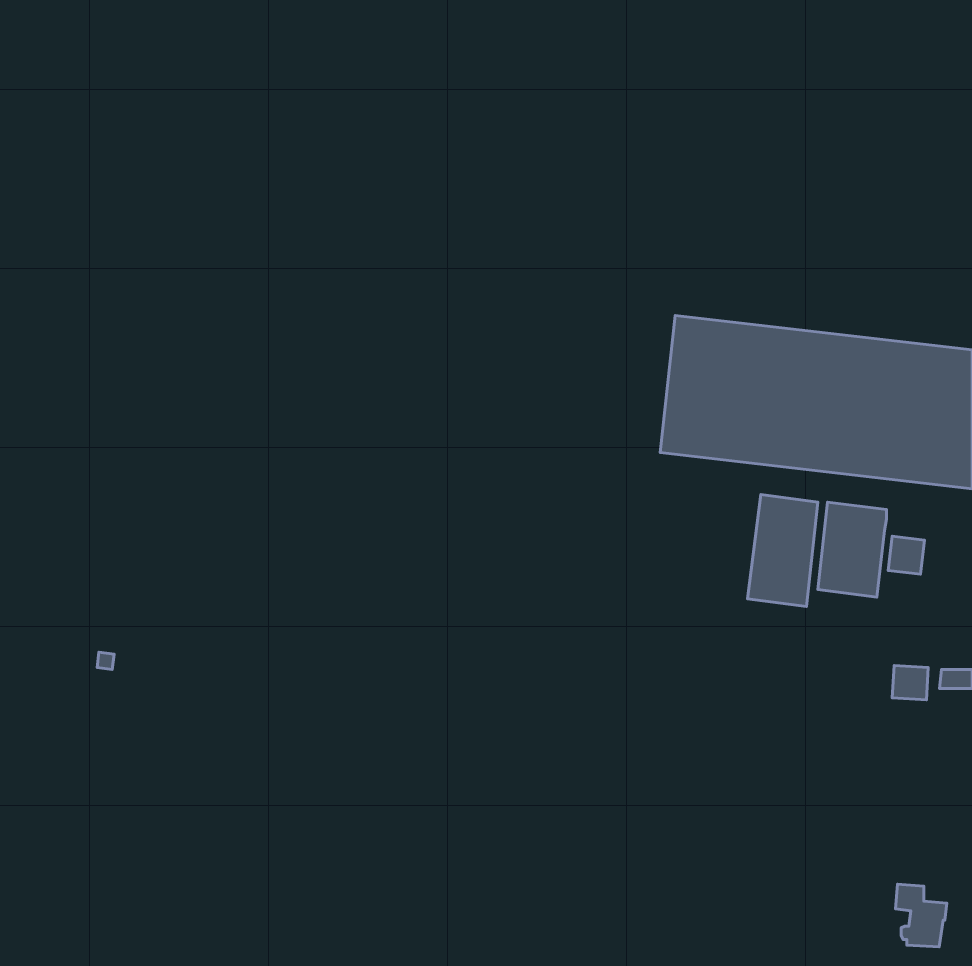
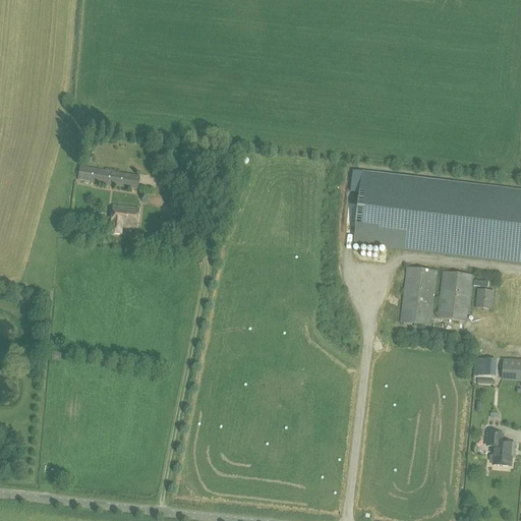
building: none -> [77,164,140,187]
building: none -> [110,202,138,231]
building: [895,884,947,947] -> [487,430,515,464]

